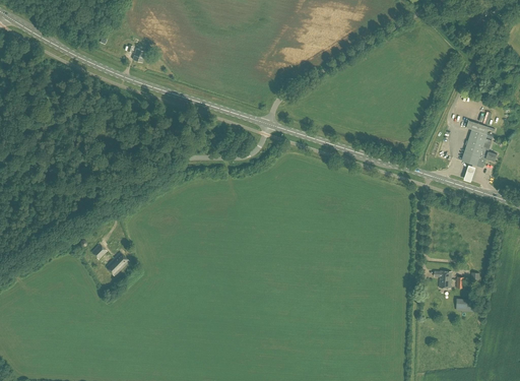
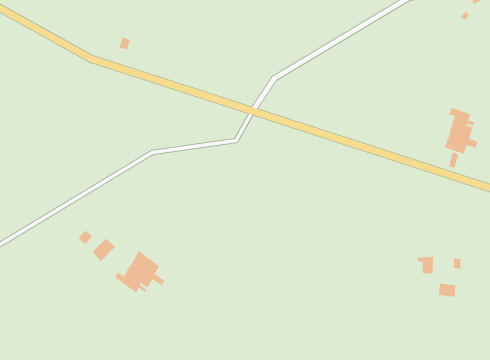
building: none -> [115,250,165,293]

